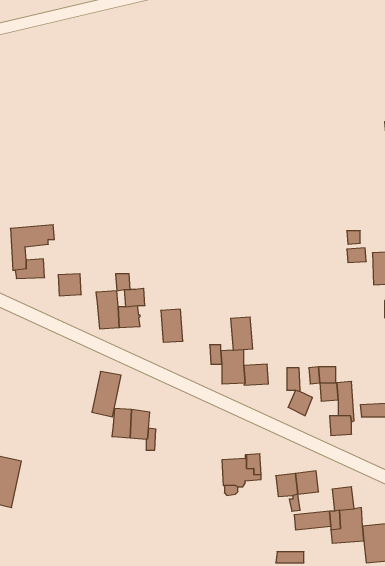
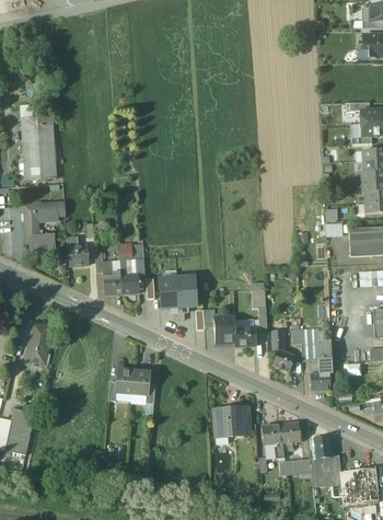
building: none -> [20,115,56,178]
building: [231,317,253,350] -> [176,276,196,305]
building: [92,372,121,417] -> [25,323,51,363]

